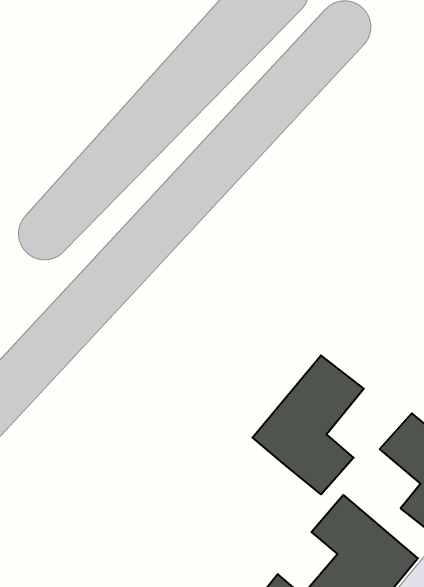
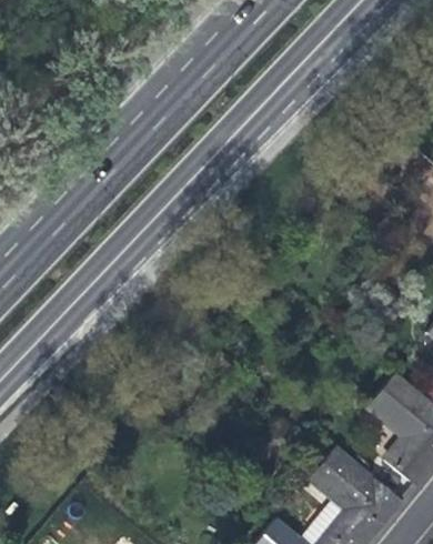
building: [252,355,364,494] -> none

